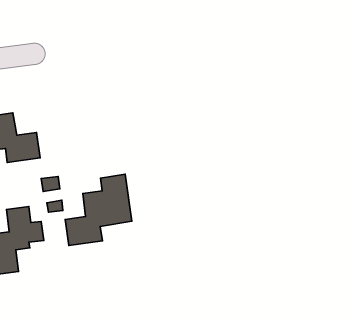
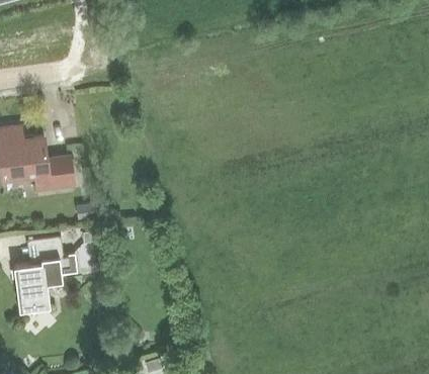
building: [65,174,132,245] -> none

